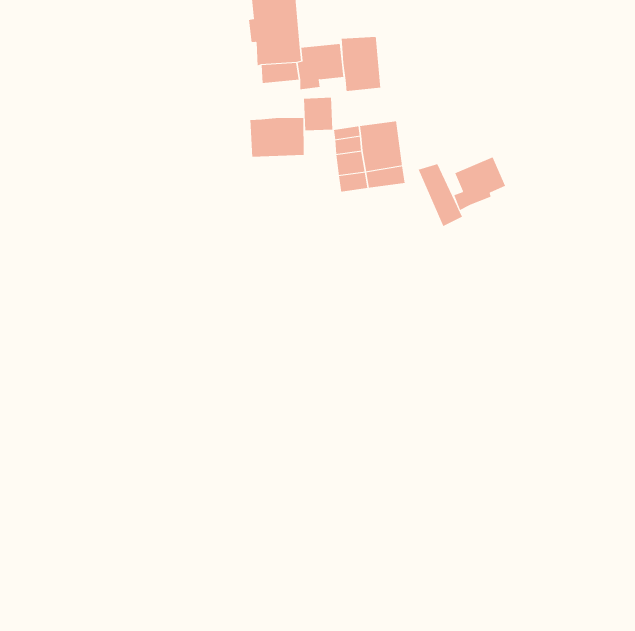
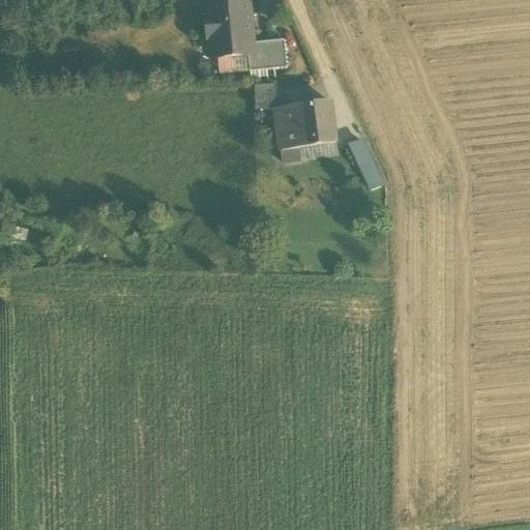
building: [341,36,381,92] -> none
building: [250,117,304,158] -> none
building: [454,157,506,211] -> none

